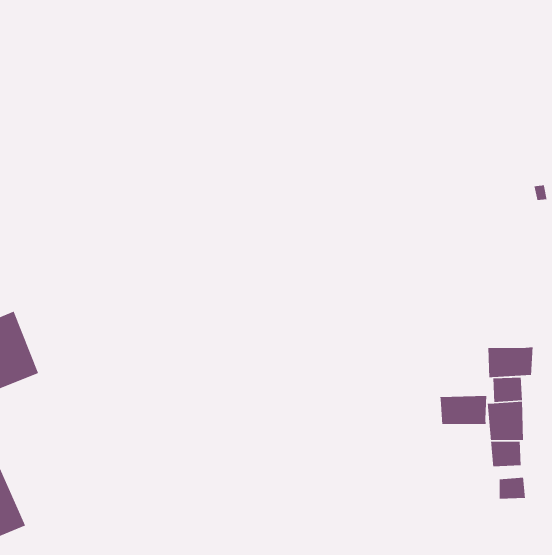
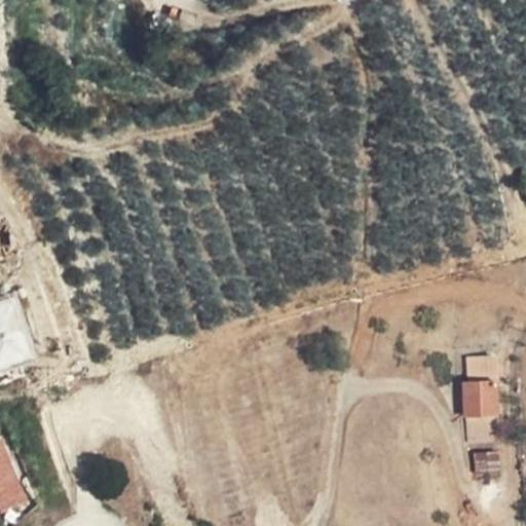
building: [487,347,534,378] -> none
building: [440,395,487,425] -> none

